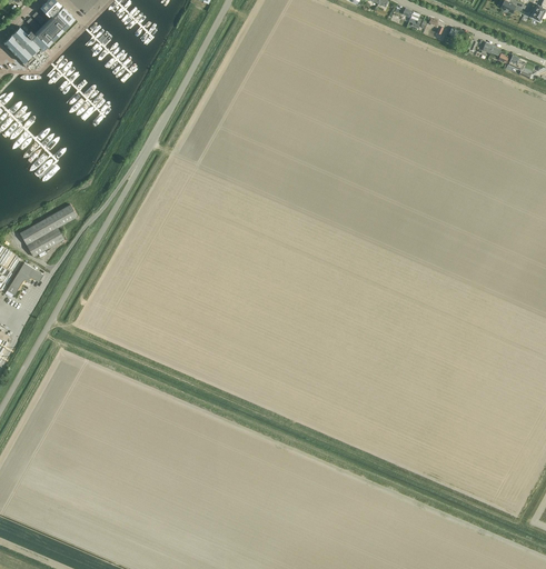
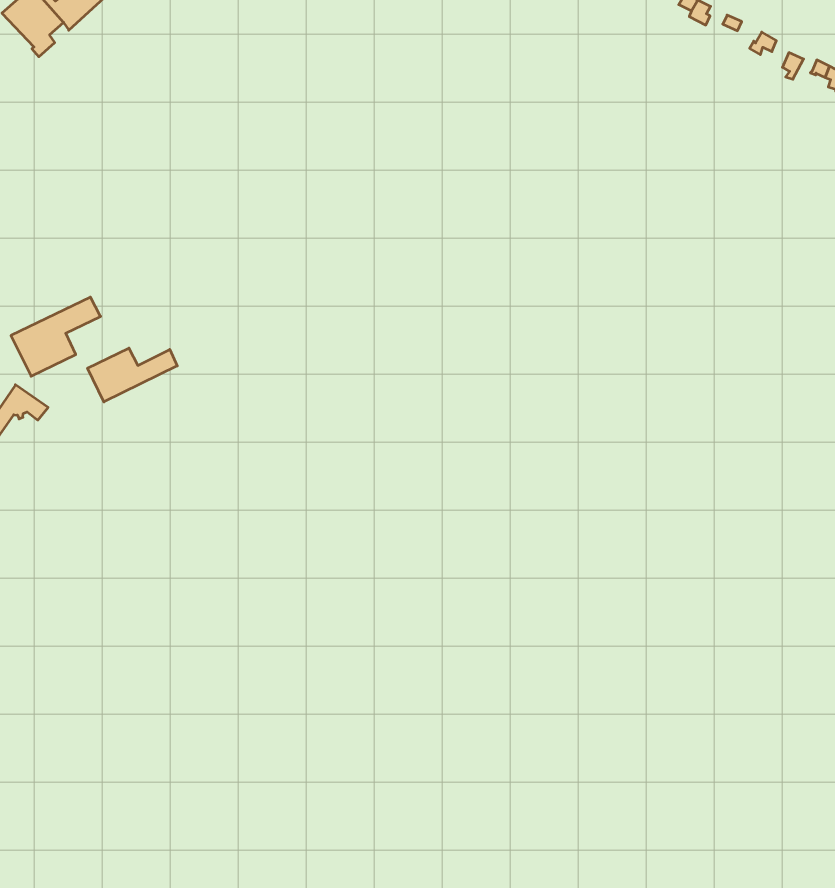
building: none -> [88,348,177,402]

